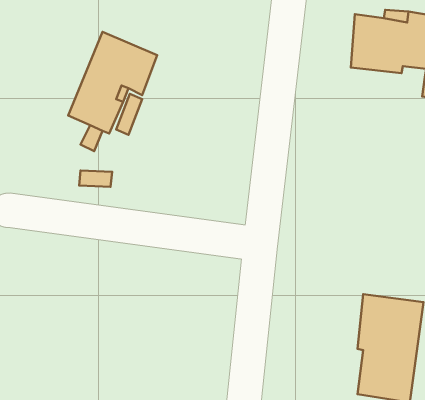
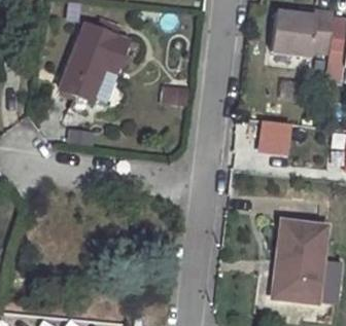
building: none -> [257,119,295,155]

